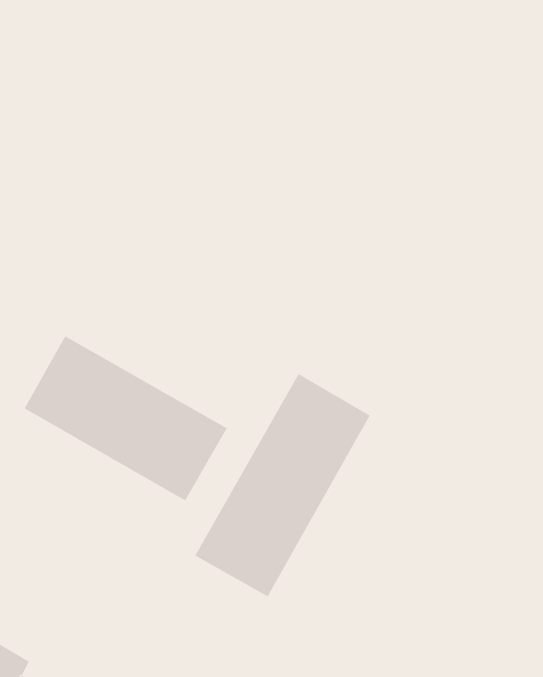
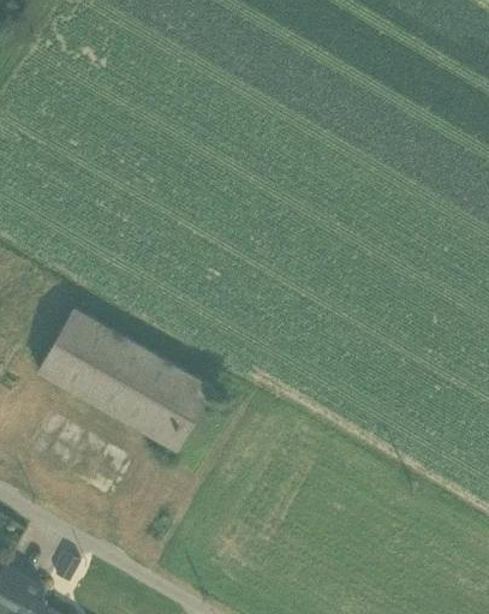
building: [195,373,371,597] -> none

